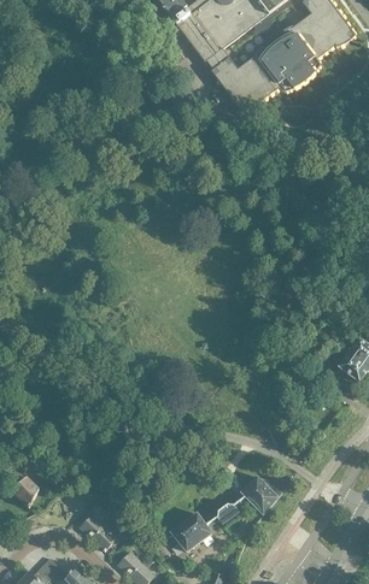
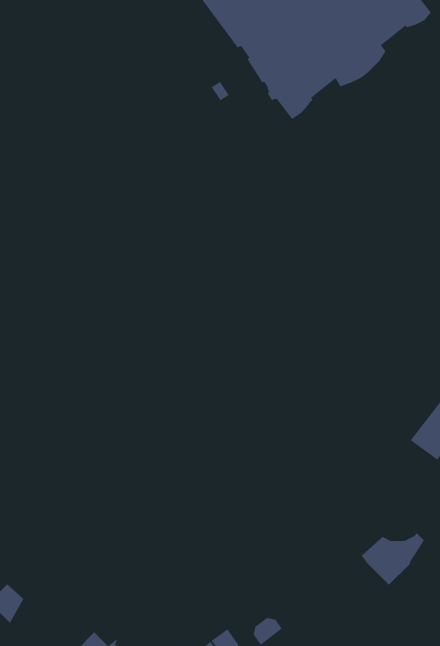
building: [240,472,289,513] -> [361,533,425,585]

